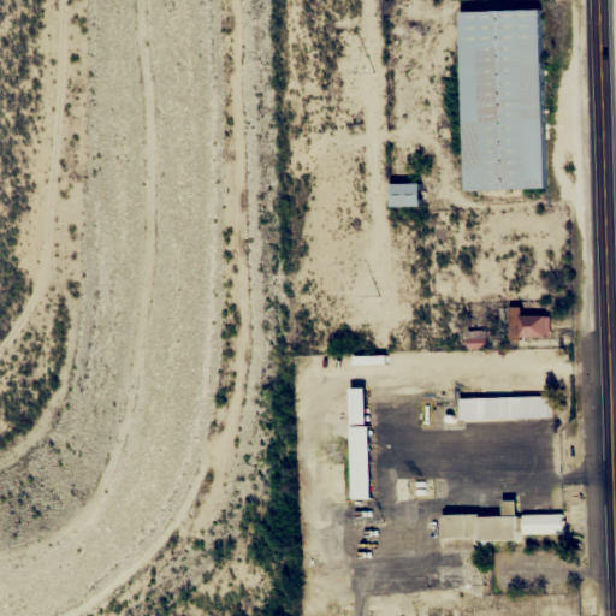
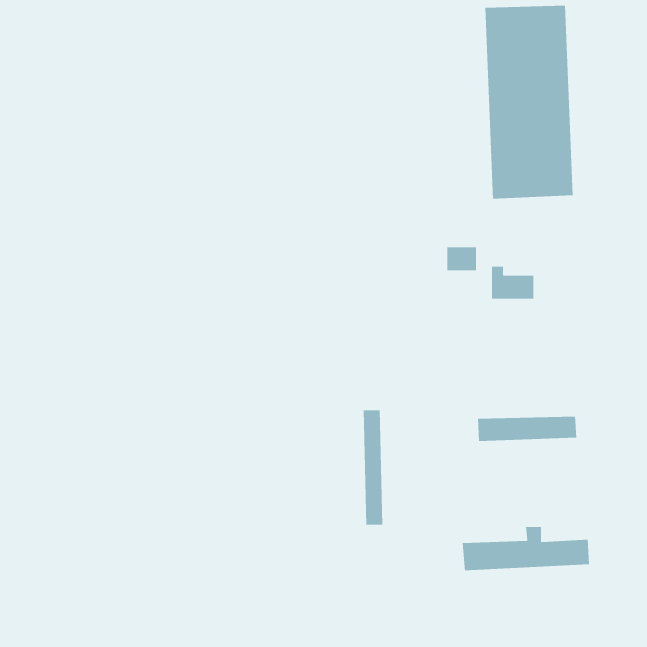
building: [390,184,419,207] -> [446,247,477,271]
building: [508,308,549,339] -> [491,266,534,299]

